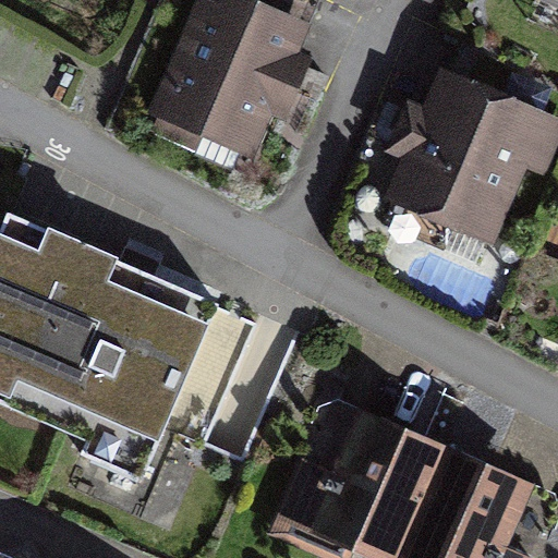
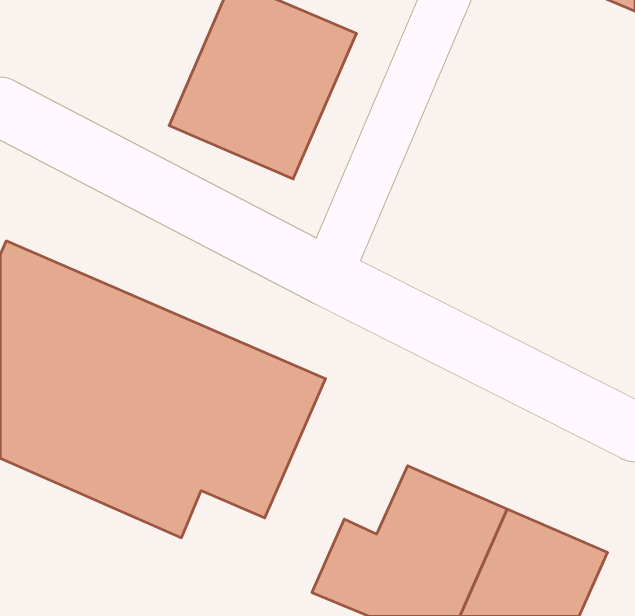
building: [383,70,550,248] -> none

